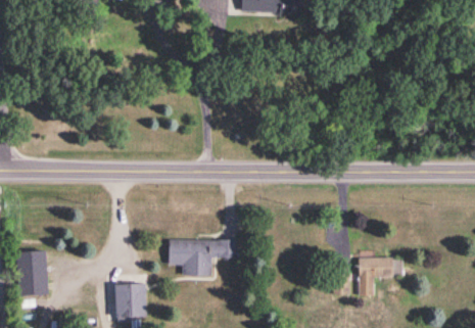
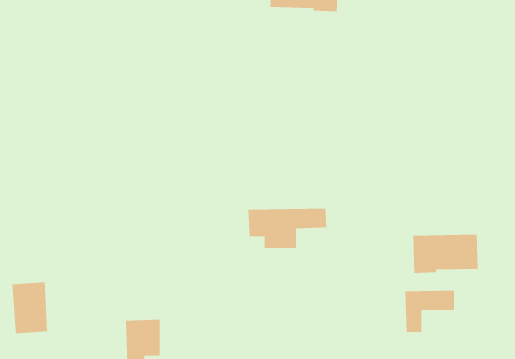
building: none -> [413,234,478,274]
building: [169,239,238,275] -> [248,208,327,249]

